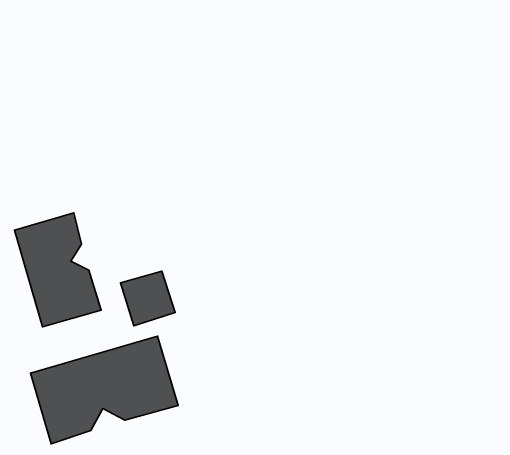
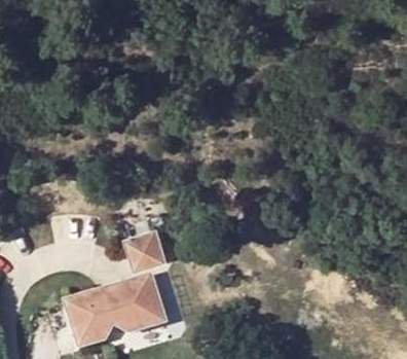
building: [14,213,101,327] -> none

